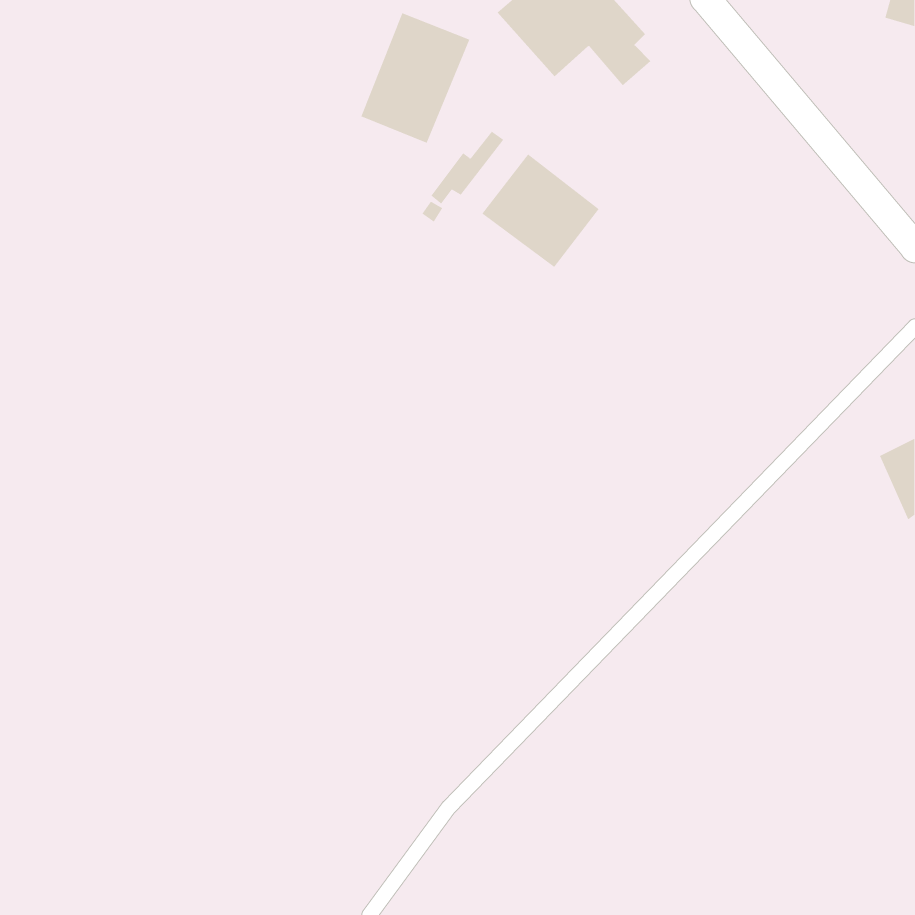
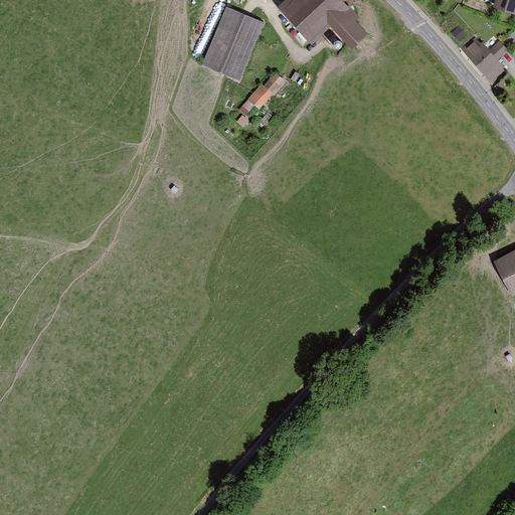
building: none -> [461,35,507,82]
building: [481,154,599,268] -> none

